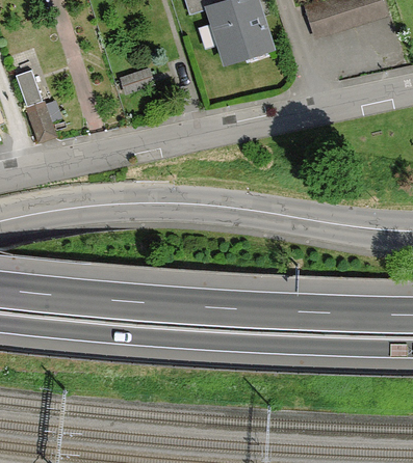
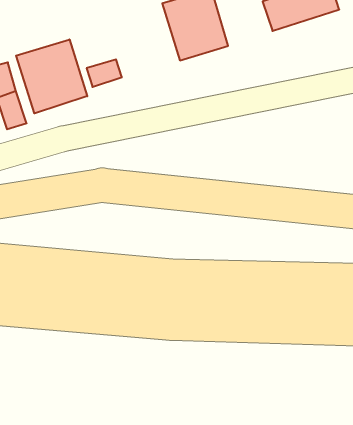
building: none -> [16,39,87,113]

